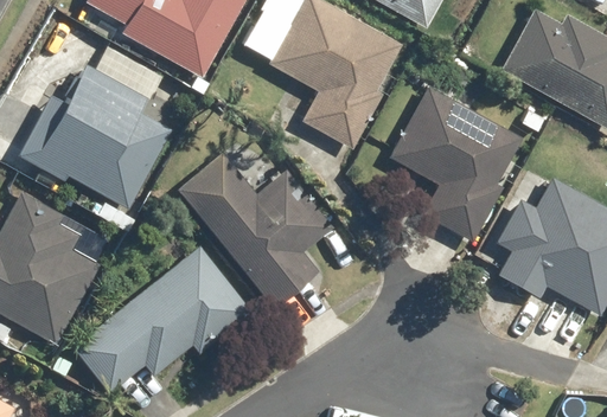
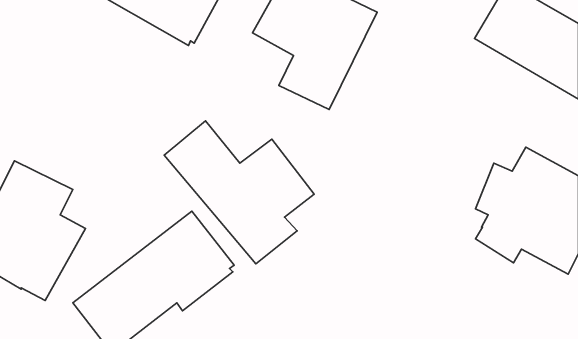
building: [24,63,174,205] -> none
building: [391,88,518,239] -> none

